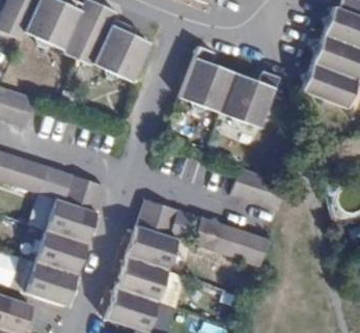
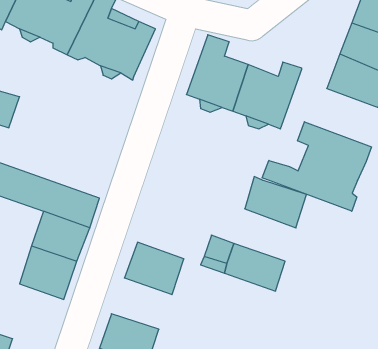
building: none -> [262,122,371,211]
building: [138,199,195,243] -> none
building: [115,256,168,301] -> none
building: [24,261,74,305] -> none

